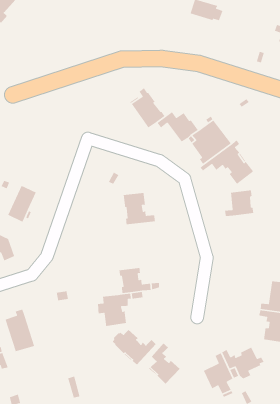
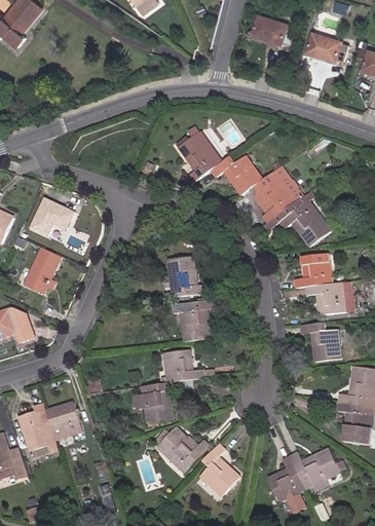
building: none -> [305,33,348,62]
building: none -> [26,197,72,238]
building: none -> [305,281,353,315]
building: none -> [182,300,217,342]
building: none -> [300,323,341,363]
building: none -> [46,401,84,439]

